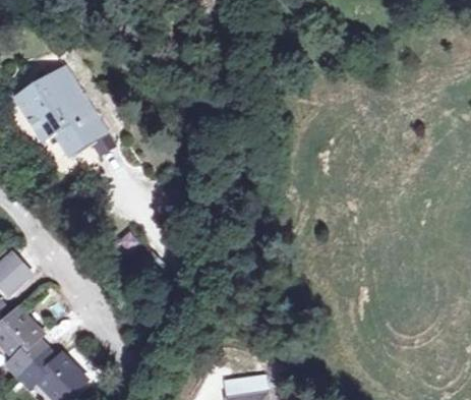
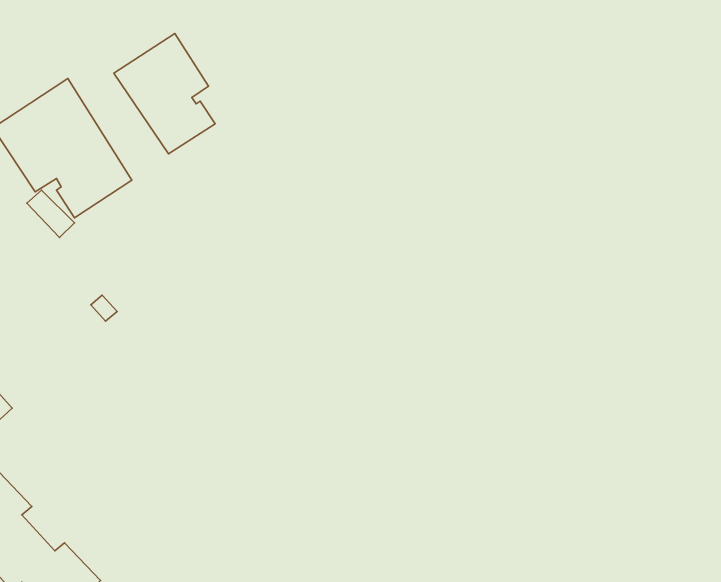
building: none -> [114,33,215,154]

